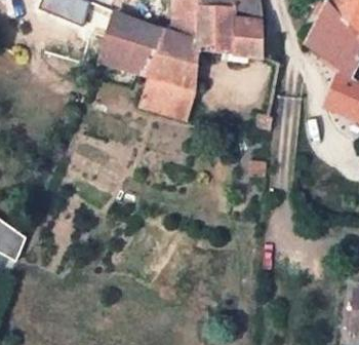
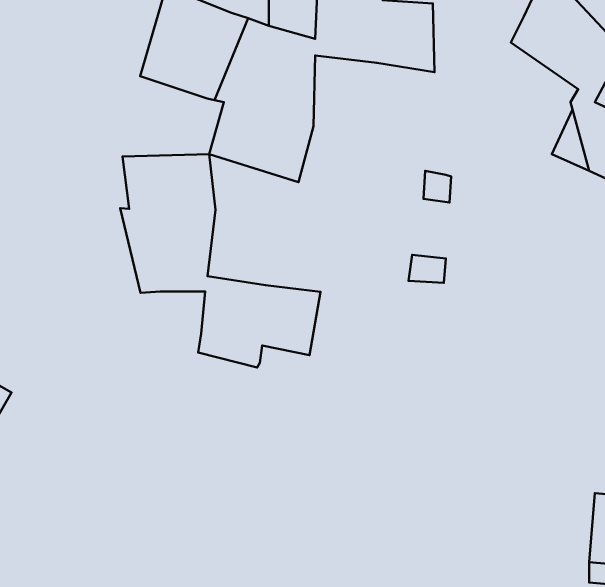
building: none -> [120,154,320,367]

